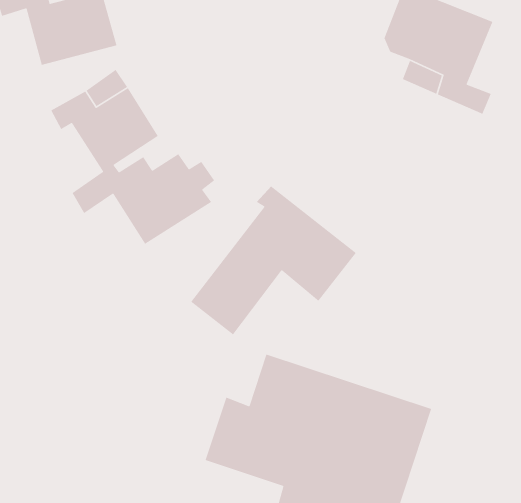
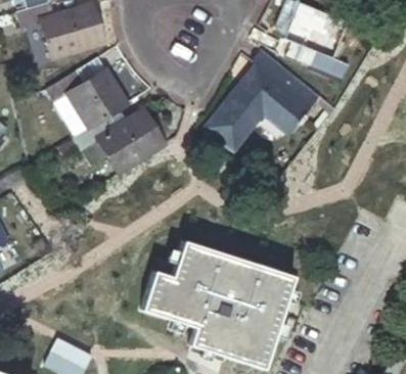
building: [190,185,357,335] -> [205,51,316,151]

